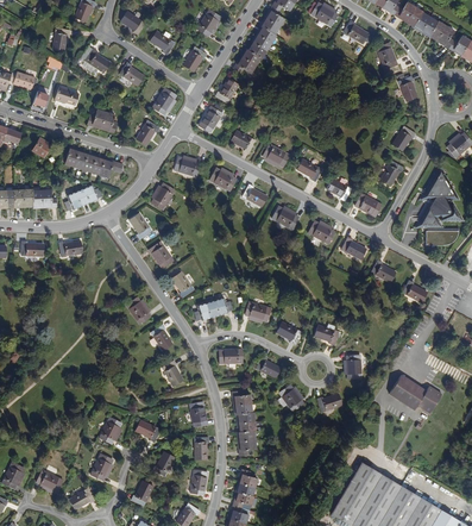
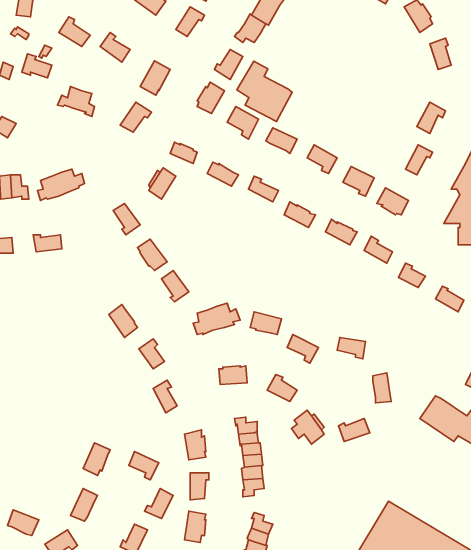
building: none -> [237,61,292,122]
building: [64,145,122,175] -> none

